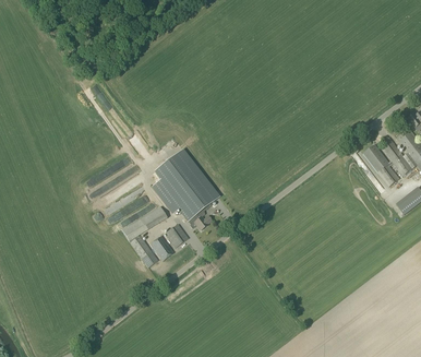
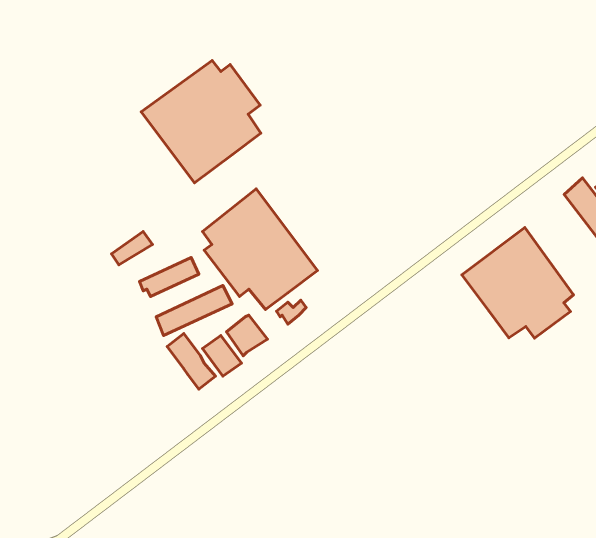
building: none -> [141,61,261,183]
building: none -> [462,228,573,338]

